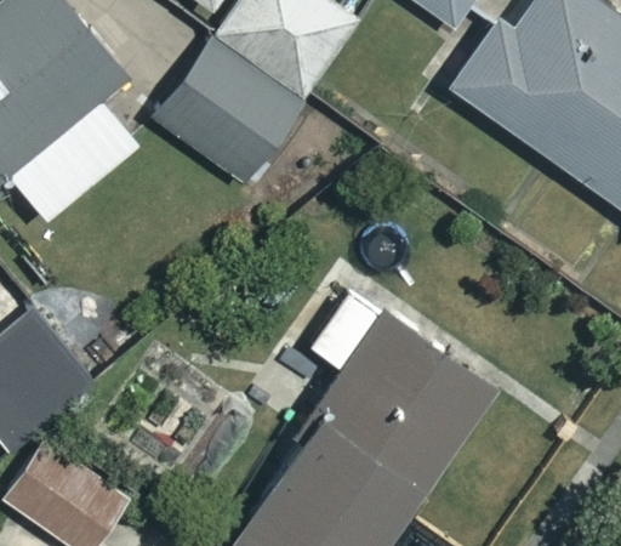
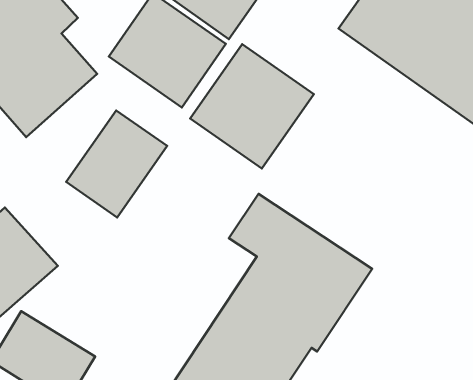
building: none -> [190,44,314,169]
building: none -> [66,110,167,217]

